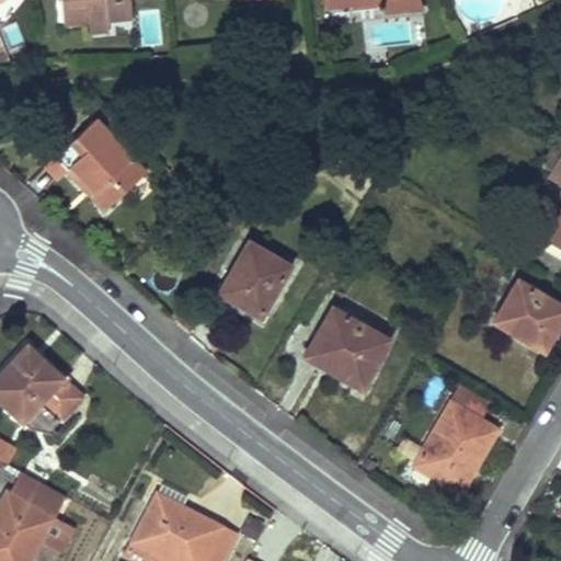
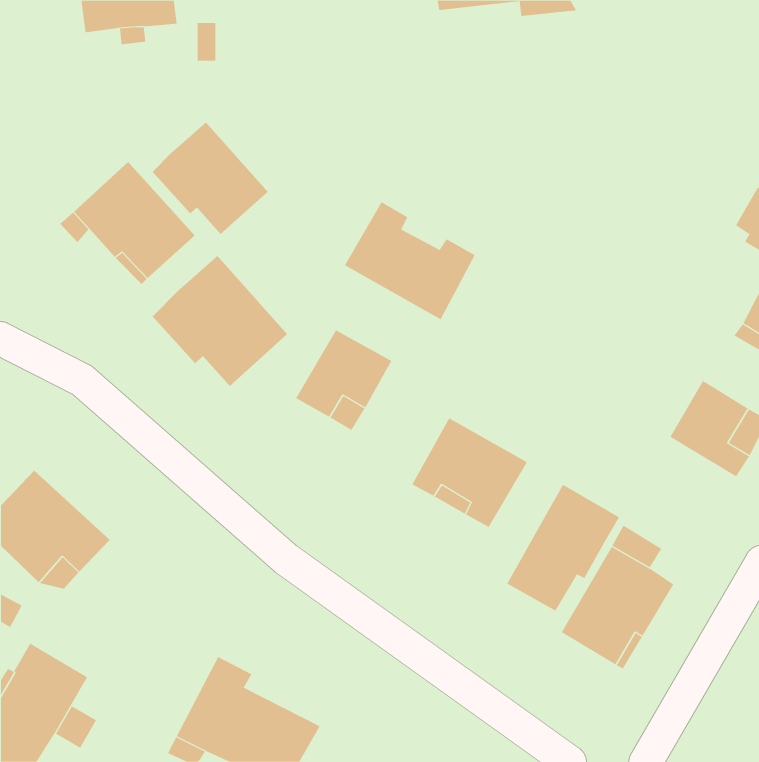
building: none -> [152,121,268,235]
building: none -> [344,201,476,320]
building: none -> [152,255,288,387]
building: none -> [507,484,620,612]

